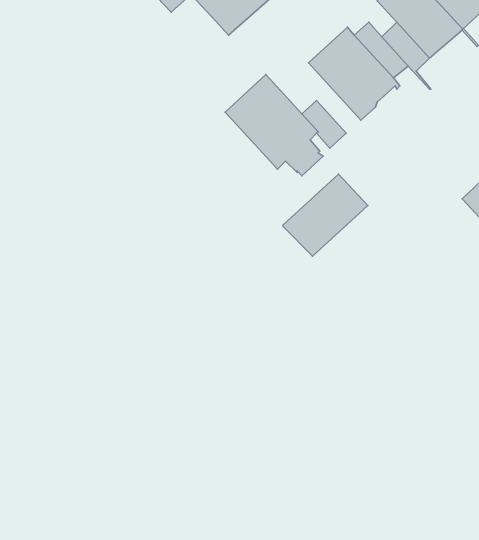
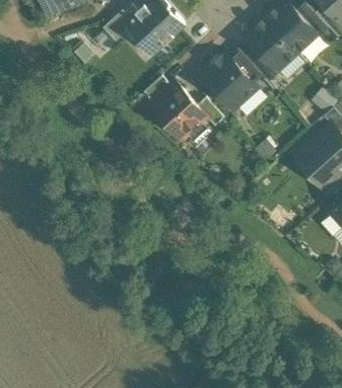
building: [283,174,368,256] -> none

